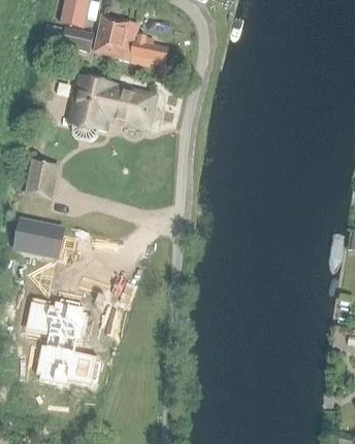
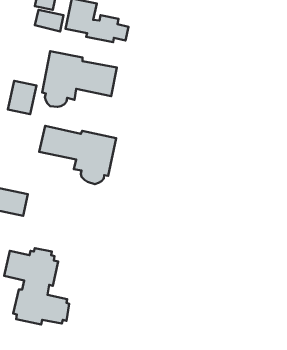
building: none -> [39,126,116,184]
building: [26,159,59,197] -> [8,81,37,114]

